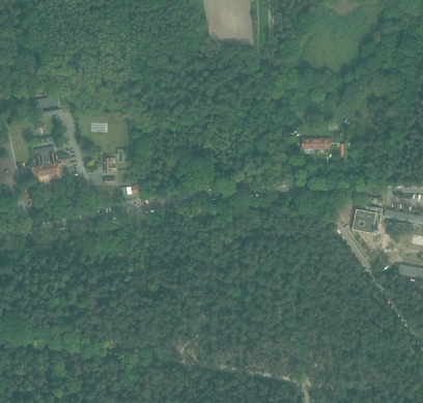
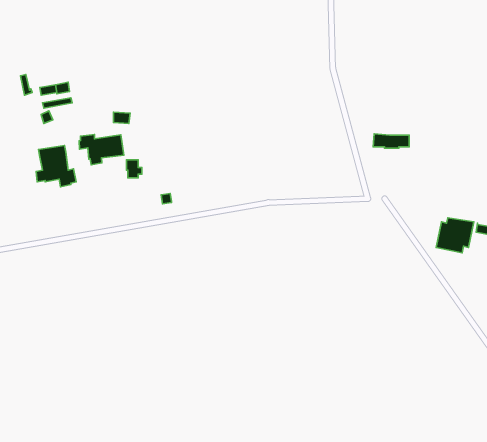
building: none -> [79,135,124,165]

